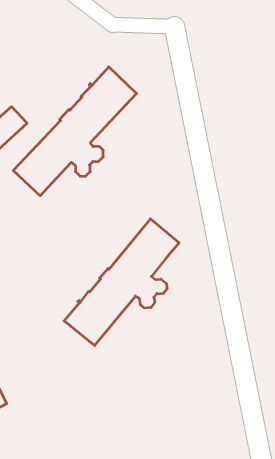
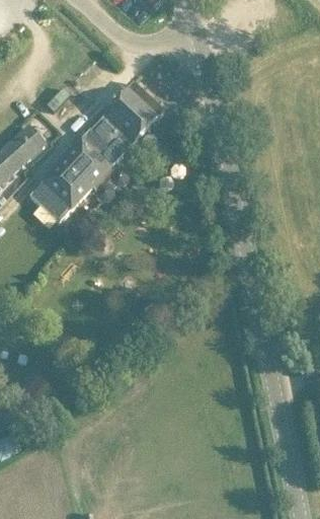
building: [64,219,179,346] -> none

